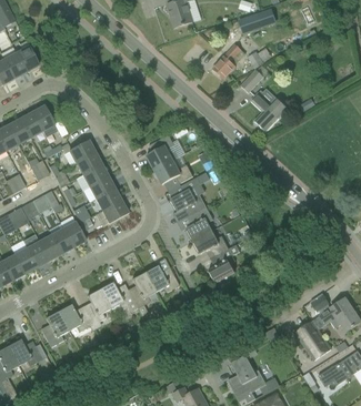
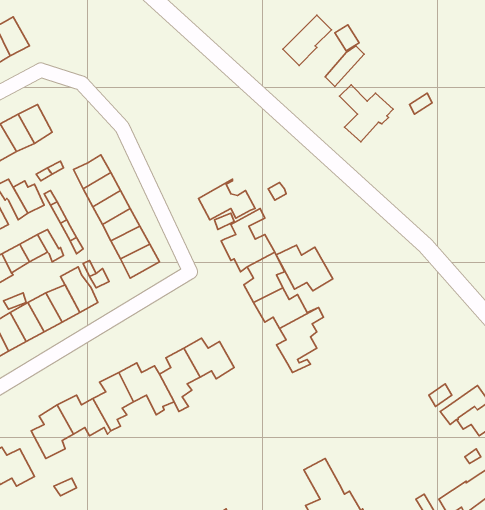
building: [147,134,178,170] -> none
building: none -> [276,245,333,291]
building: [295,321,331,361] -> none

